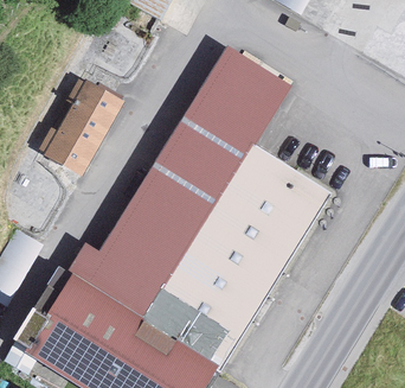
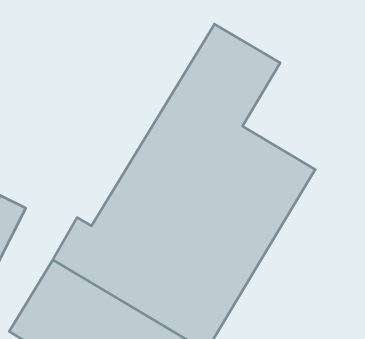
building: [44,82,122,174] -> none

